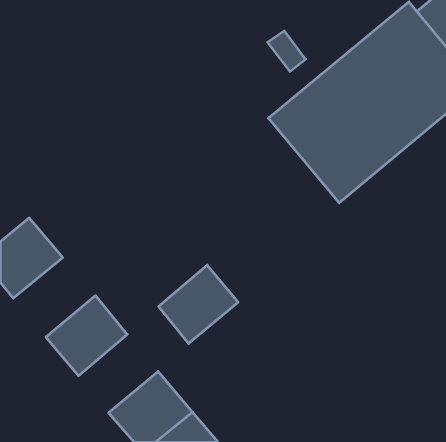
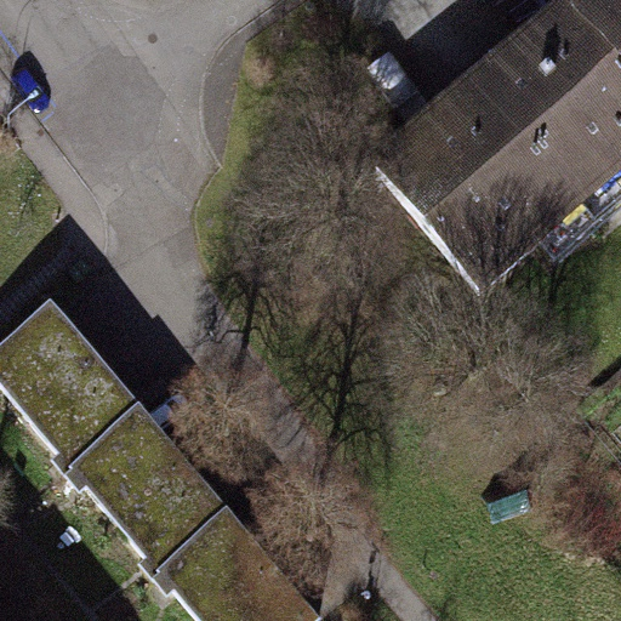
building: none -> [25,354,138,463]
building: [159,265,238,344] -> [115,460,224,568]

